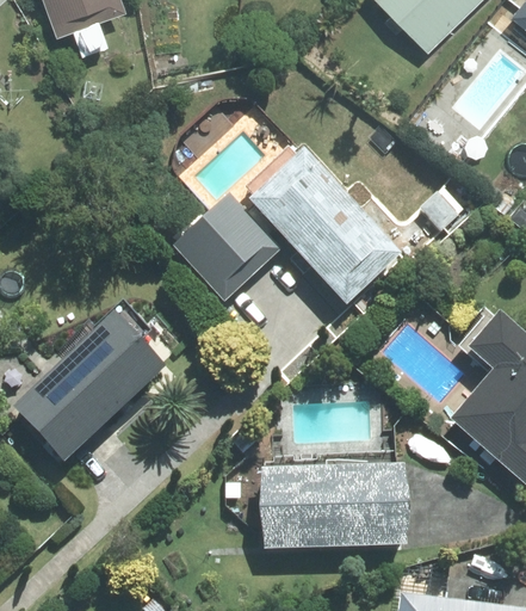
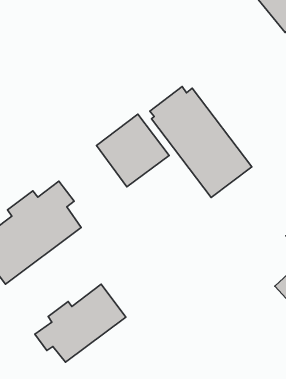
building: none -> [35,284,126,362]
building: [264,463,406,547] -> none

